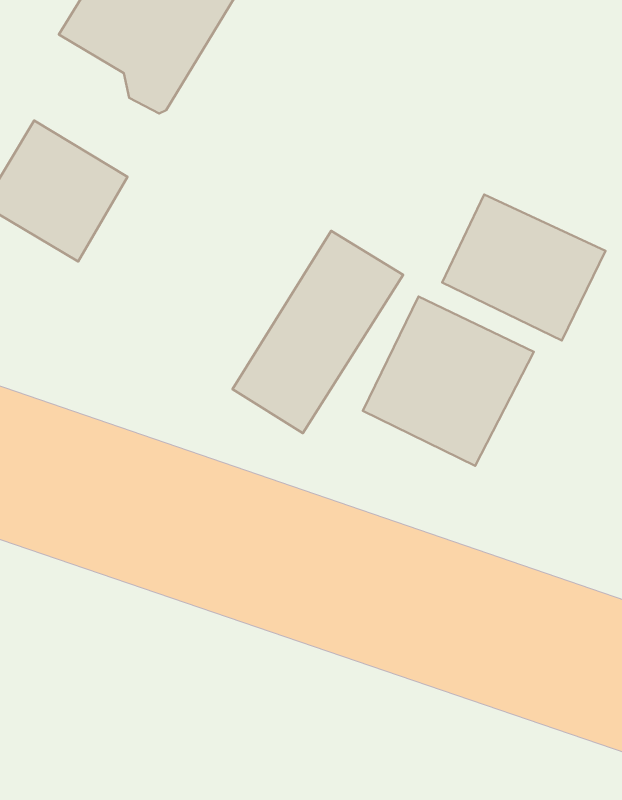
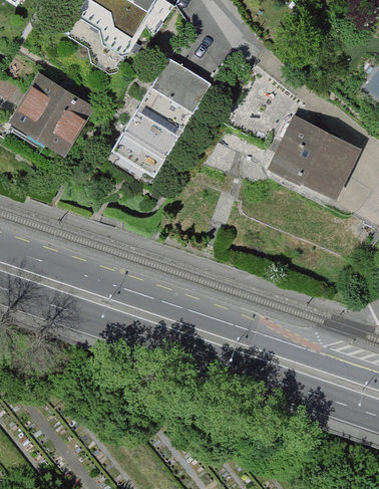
building: [233,231,403,433] -> [114,59,212,175]
building: [363,296,534,466] -> none

